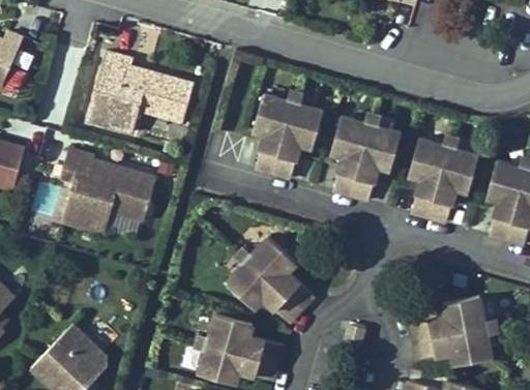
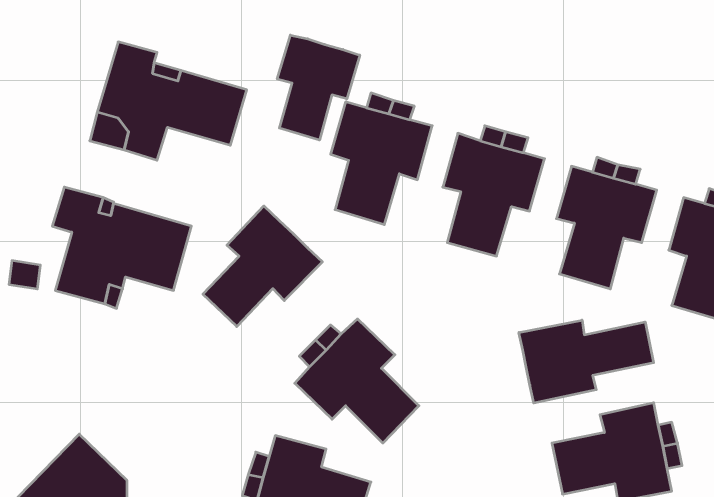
building: none -> [277,35,360,140]
building: none -> [203,206,322,327]
building: none -> [519,320,654,403]

